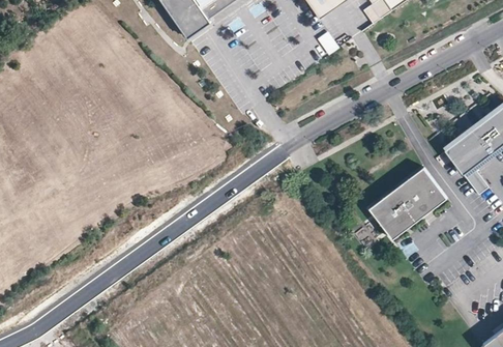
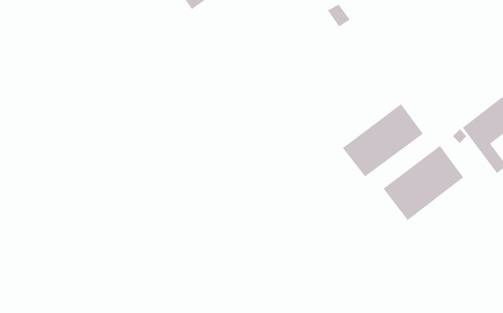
building: none -> [342,103,424,177]

